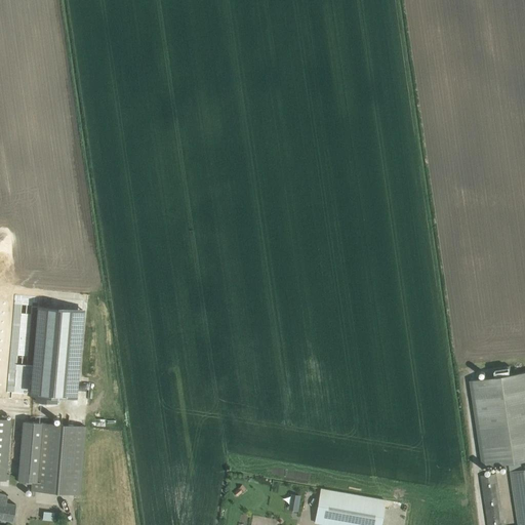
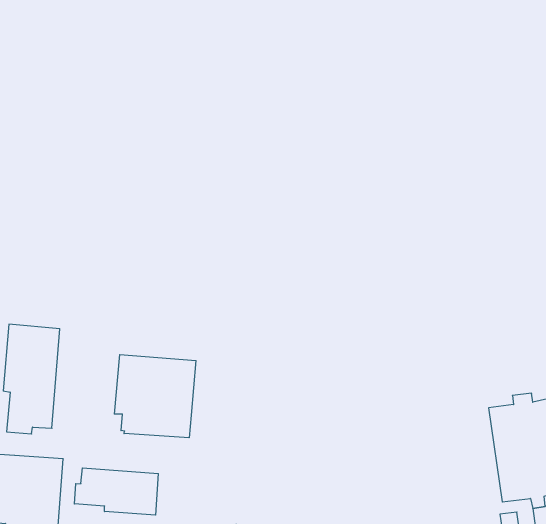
building: none -> [114,355,196,438]
building: none -> [74,468,158,515]

